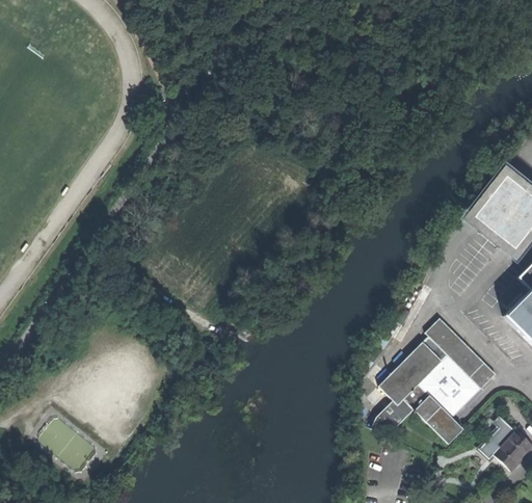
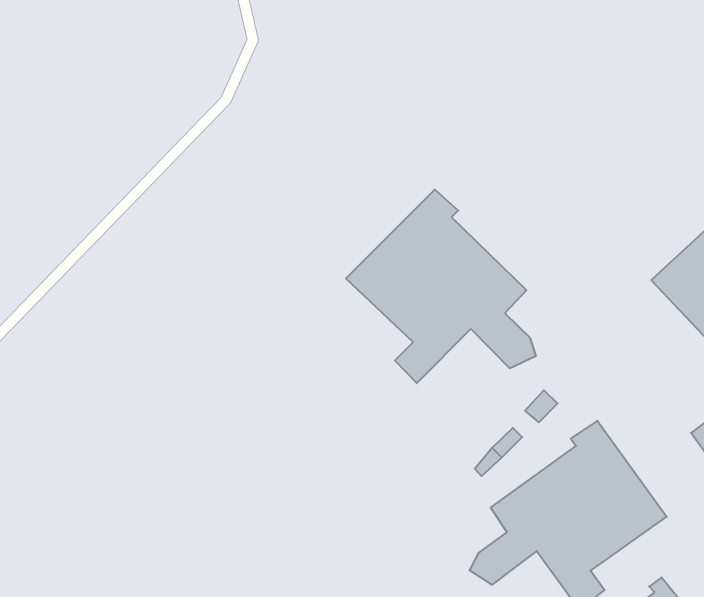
building: none -> [346,189,536,383]

